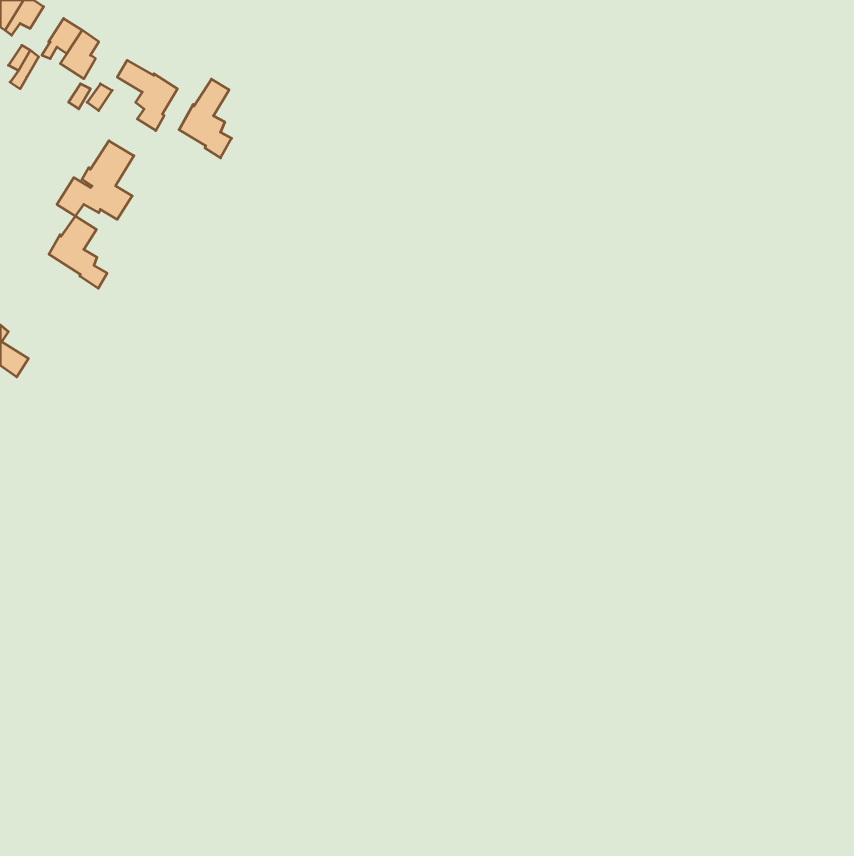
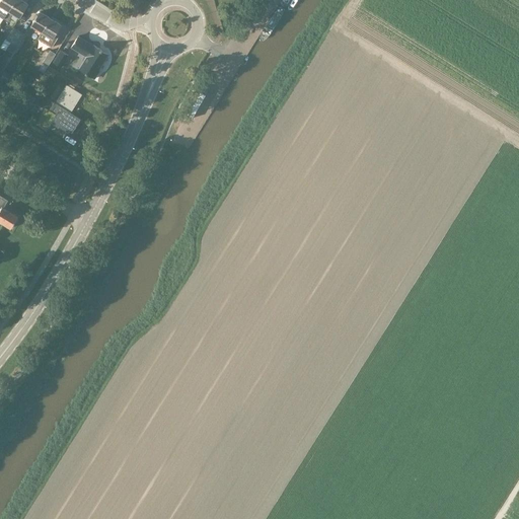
building: [179,79,232,158] -> none
building: [49,216,107,288] -> none

